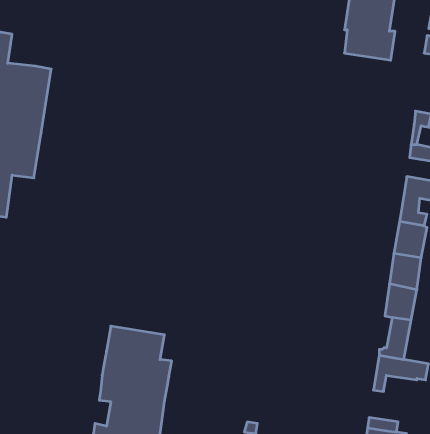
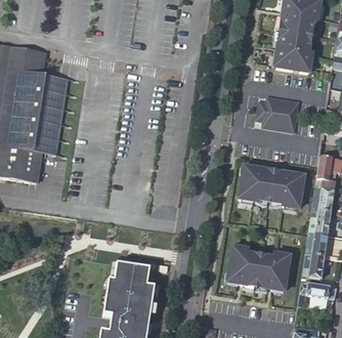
building: none -> [256,94,299,130]
building: none -> [238,166,303,207]
building: none -> [226,245,290,288]

